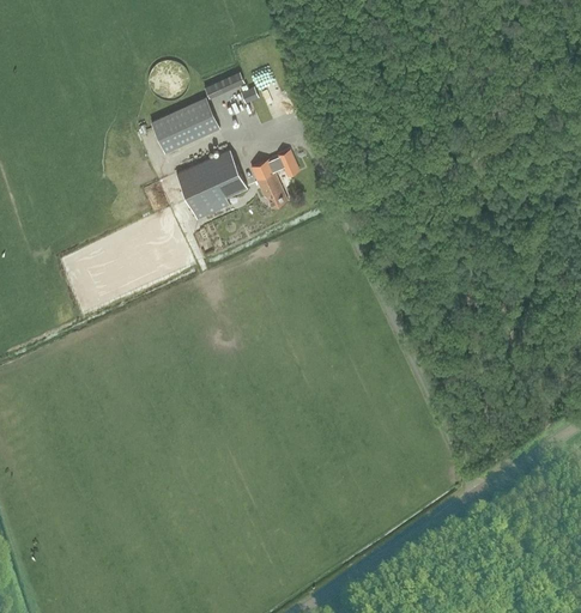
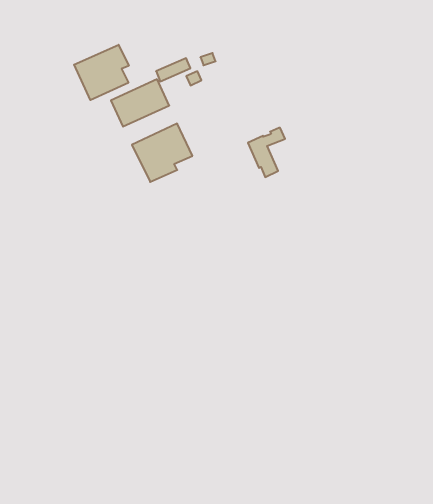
building: none -> [74,45,129,100]
building: [252,150,296,208] -> [248,128,285,177]

